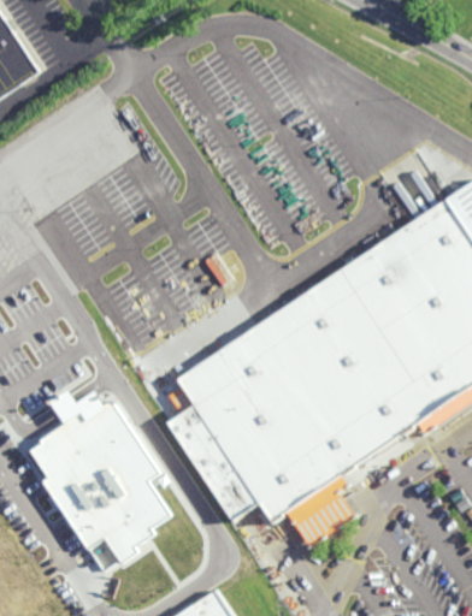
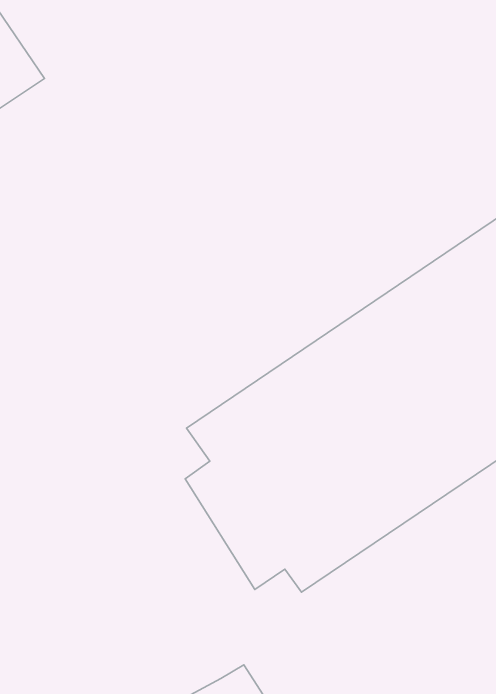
building: [20,381,171,579] -> none

